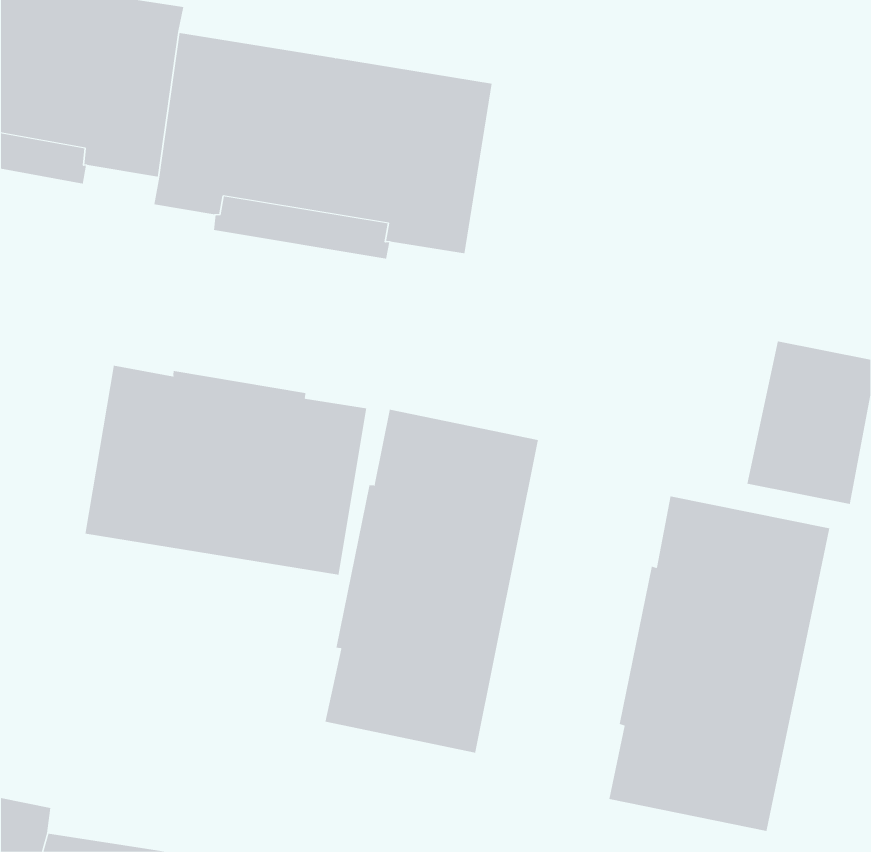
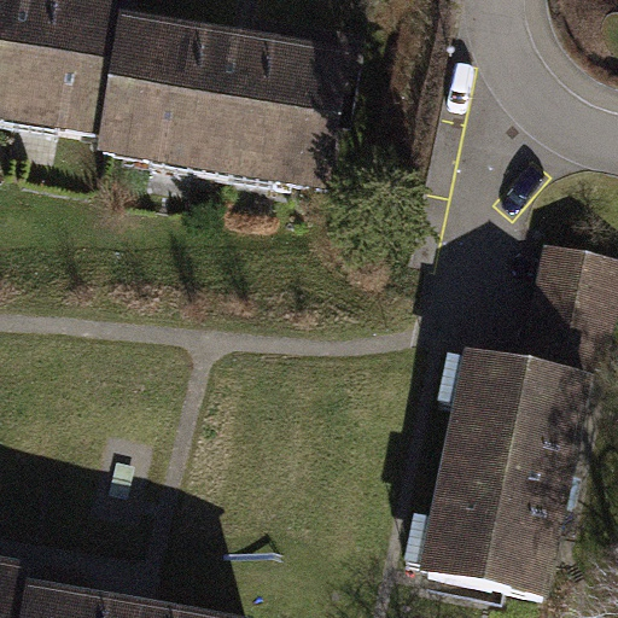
building: [85,365,367,575] -> none
building: [325,409,539,753] -> none

